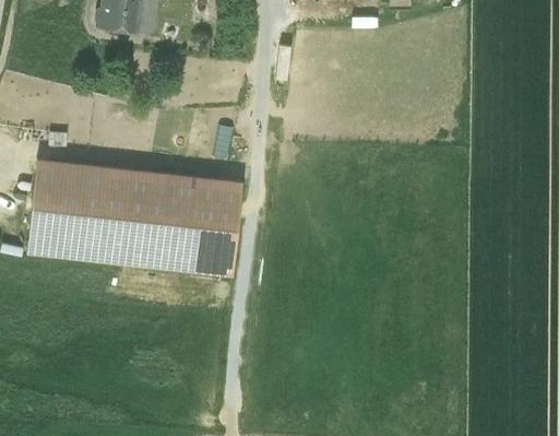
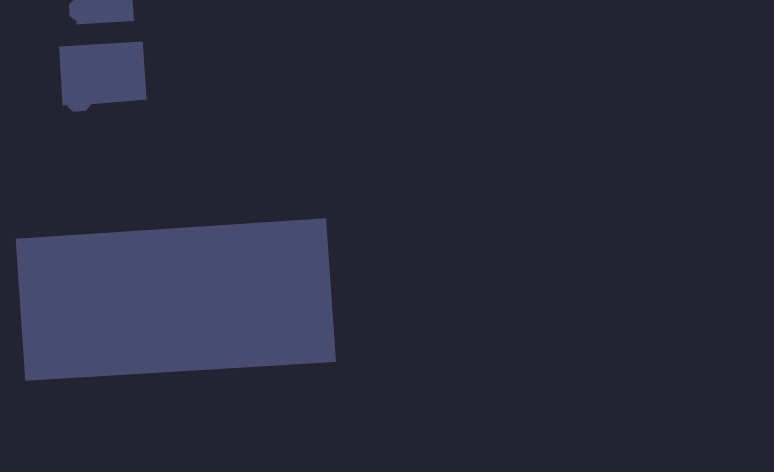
building: none -> [58,41,147,113]

